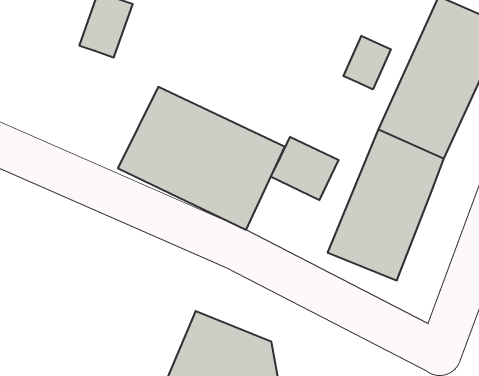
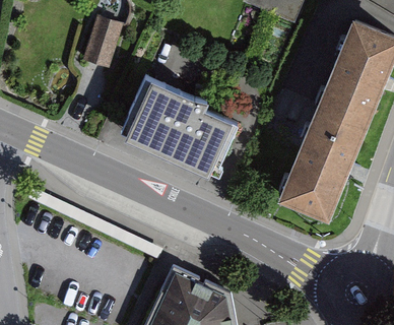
building: [343,36,391,89] -> none
building: [271,137,339,200] -> none

